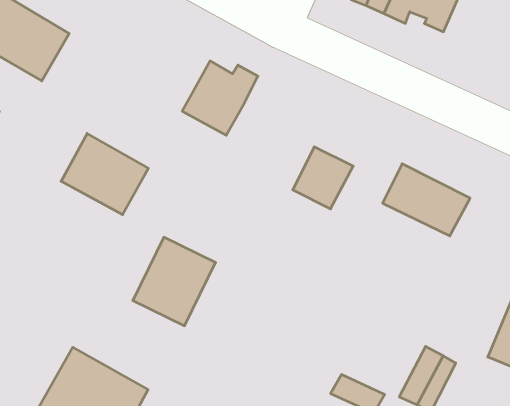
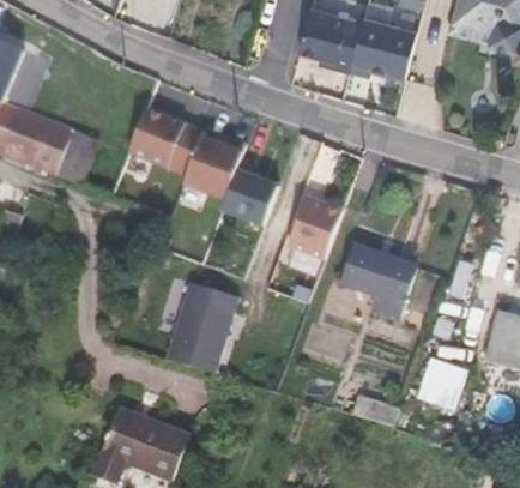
building: none -> [55,129,101,186]
building: none -> [222,168,278,224]
building: [61,133,148,215] -> [128,107,204,174]
building: [383,164,470,236] -> [341,245,418,302]

